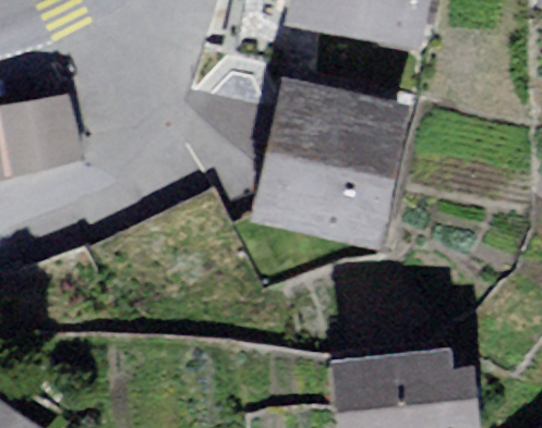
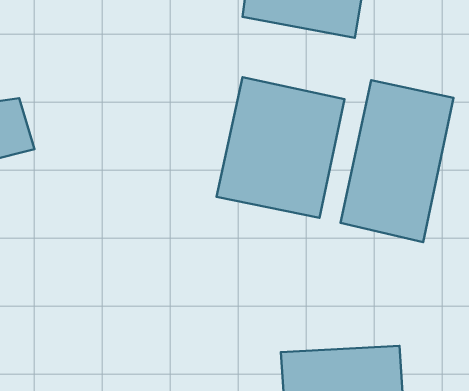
building: none -> [340,80,454,242]

